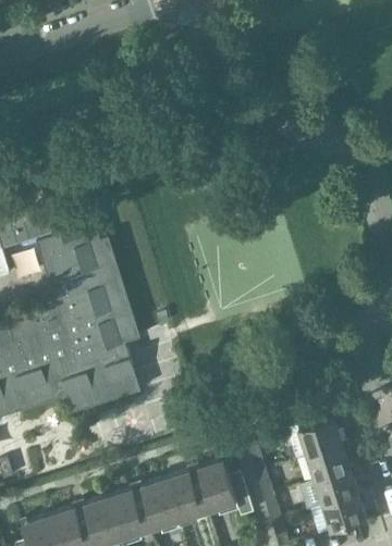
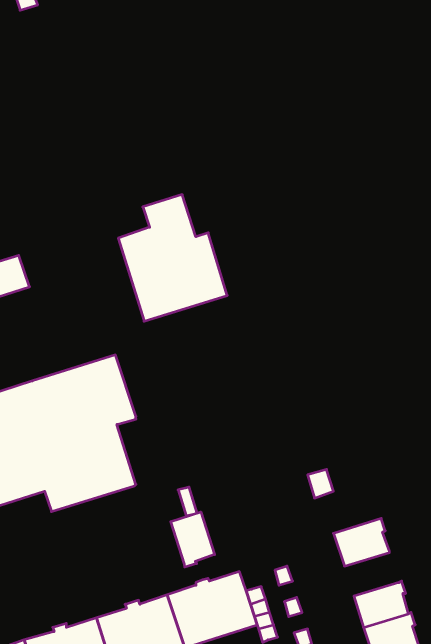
building: [37,209,124,310] -> [118,195,227,321]
building: none -> [171,512,215,567]
building: [307,446,351,482] -> none

